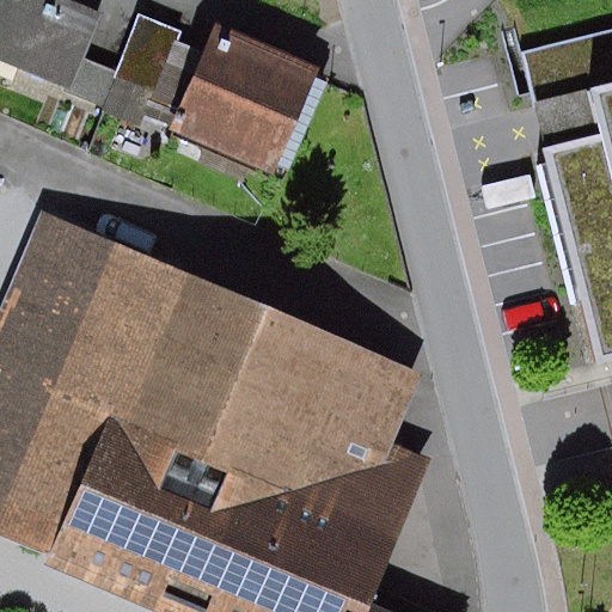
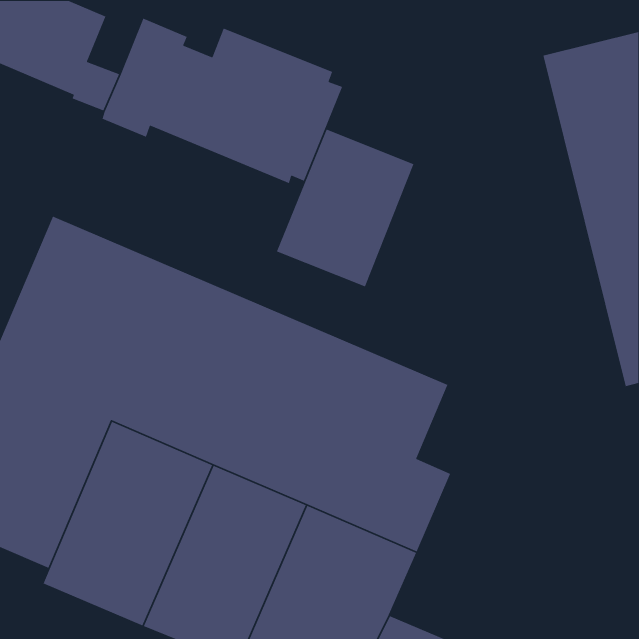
building: none -> [276,128,414,288]

